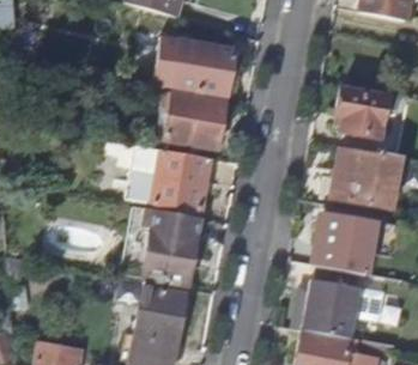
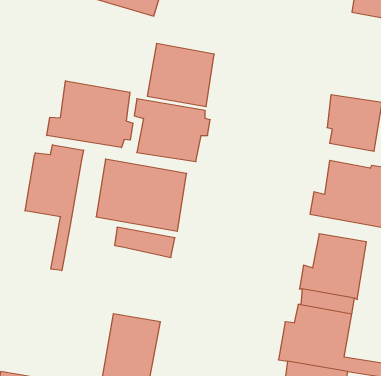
building: none -> [47,81,133,148]
building: none -> [25,145,84,271]
building: [141,226,195,285] -> none

